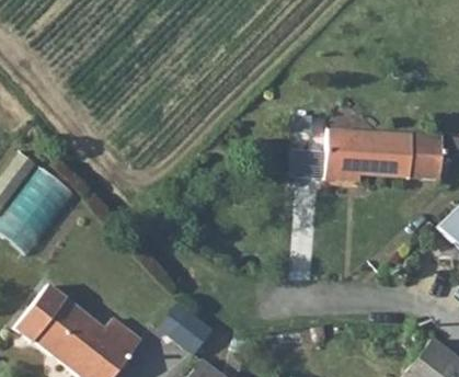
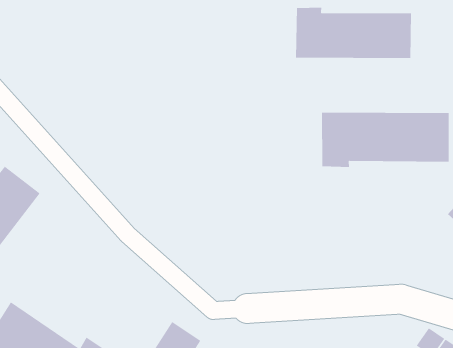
building: none -> [296,7,411,59]

